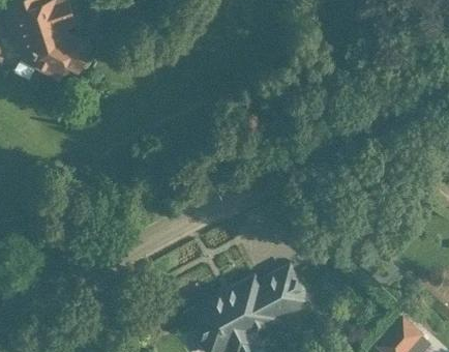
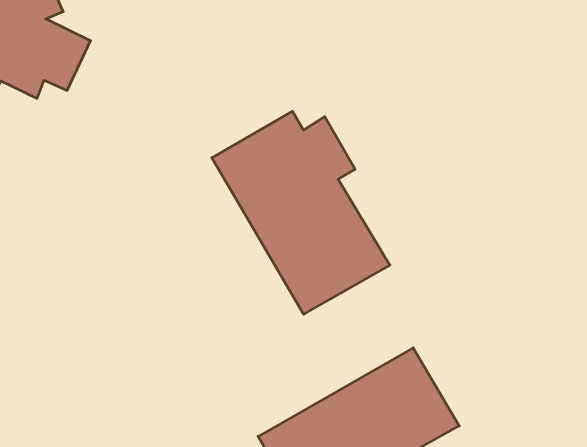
building: none -> [212,111,390,314]

